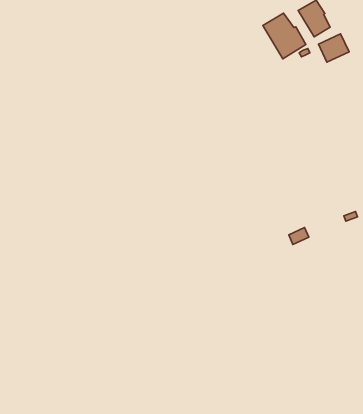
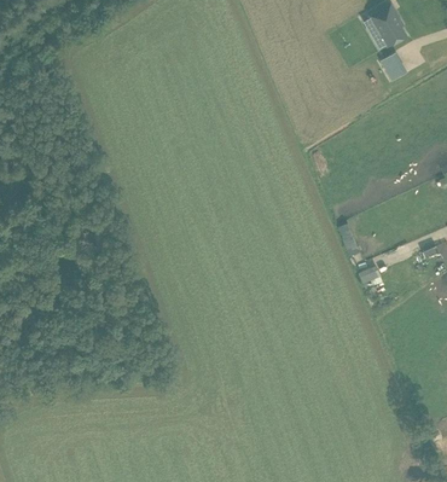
building: [263,13,306,59] -> none

